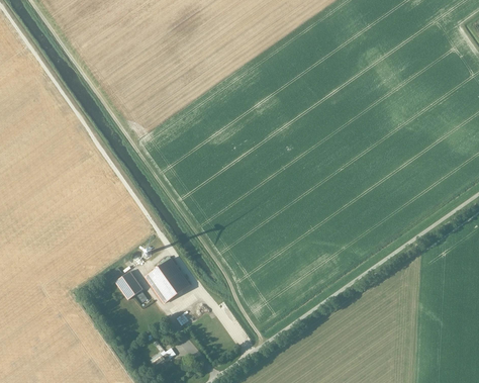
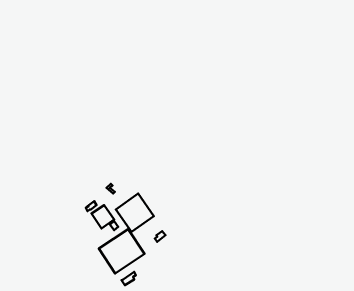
building: none -> [99,229,145,273]

